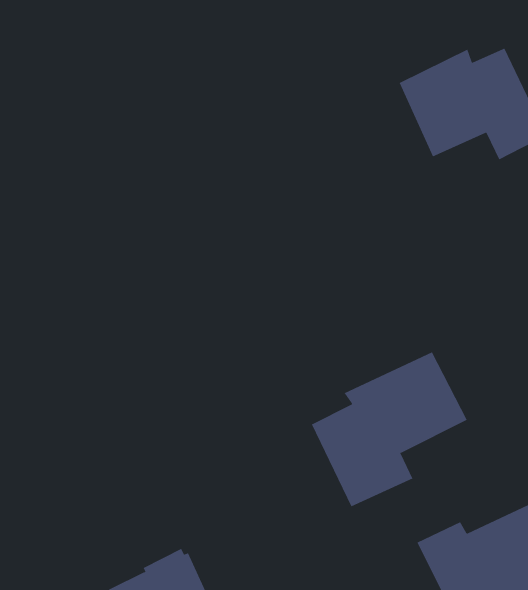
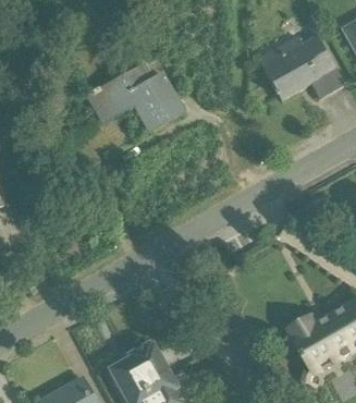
building: none -> [85,61,186,134]
building: [311,352,467,507] -> none

